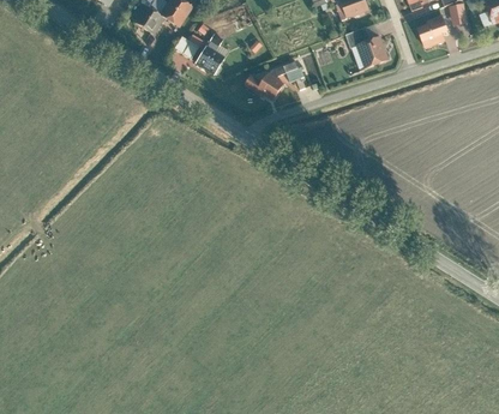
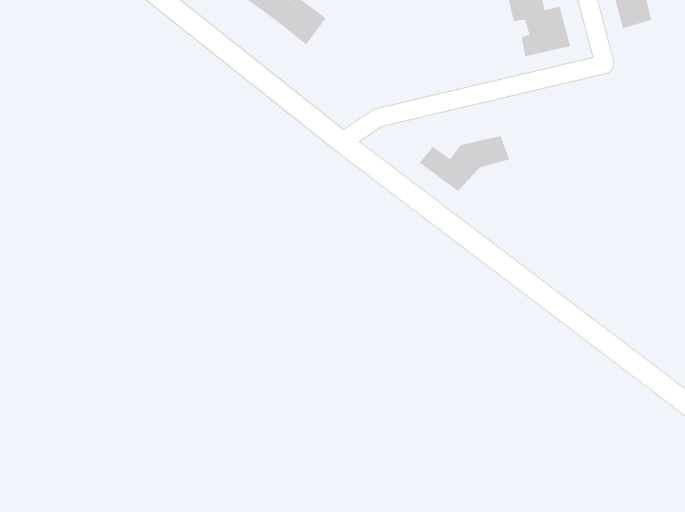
building: [245,62,305,102] -> [418,135,510,192]

